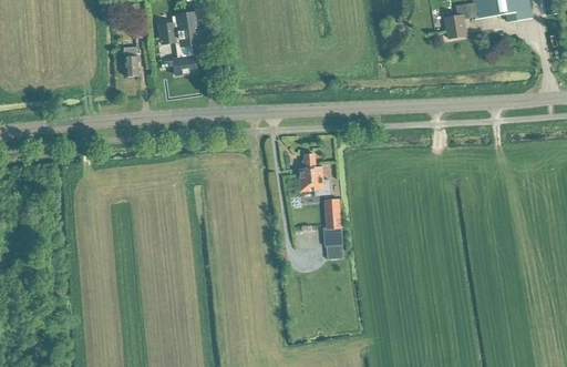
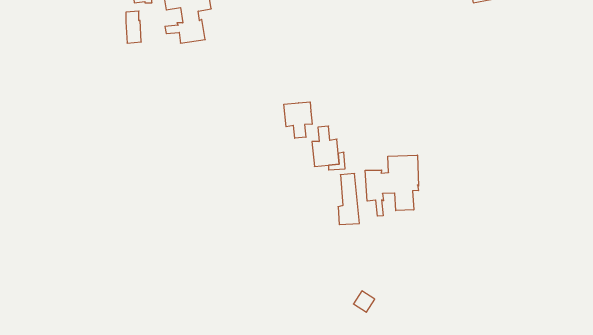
building: none -> [284,102,312,138]
building: none -> [365,155,419,216]

